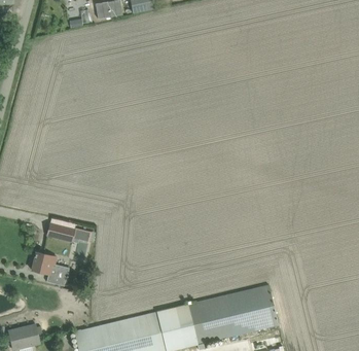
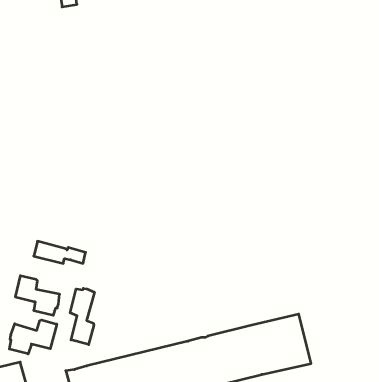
building: none -> [70,288,94,345]
building: none -> [9,320,57,354]

